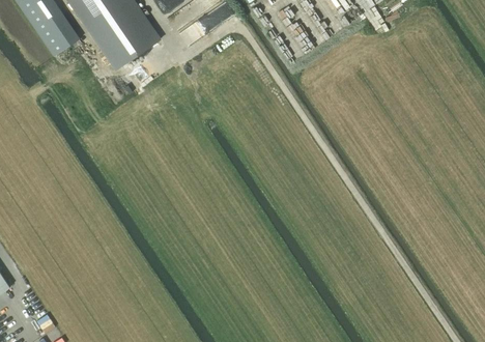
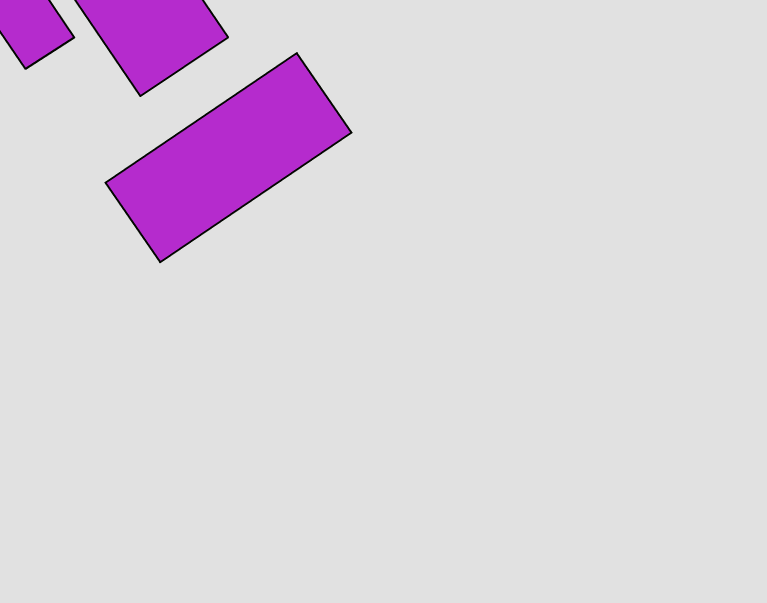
building: none -> [105,53,352,262]

